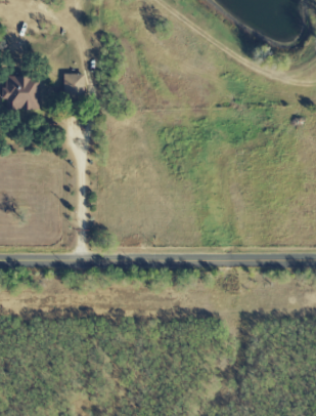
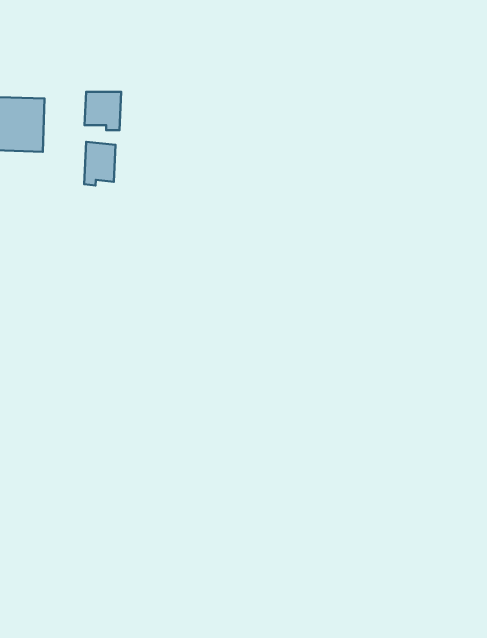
building: none -> [84,142,115,185]

